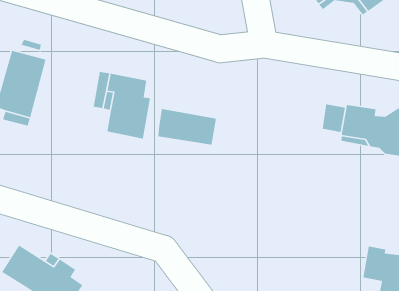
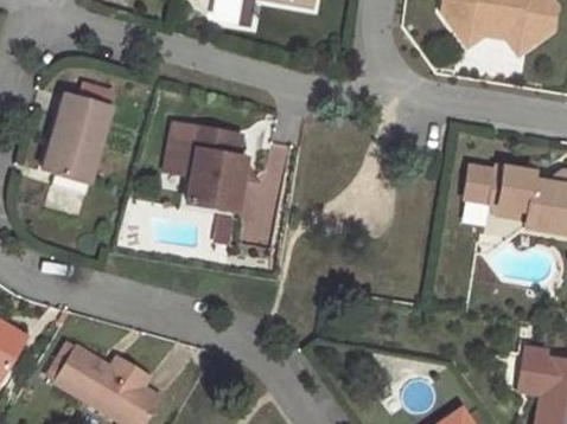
building: [158,108,217,145] -> none

